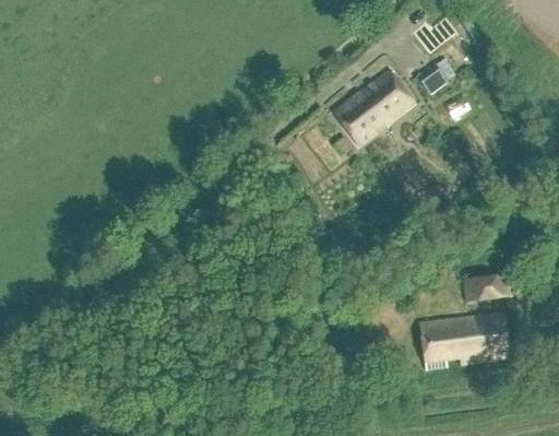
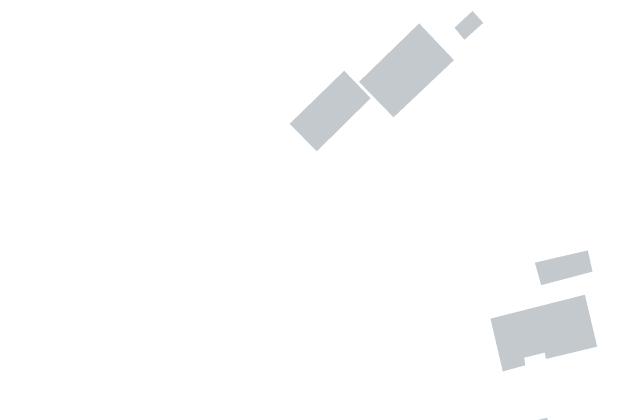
building: none -> [289,70,371,152]

